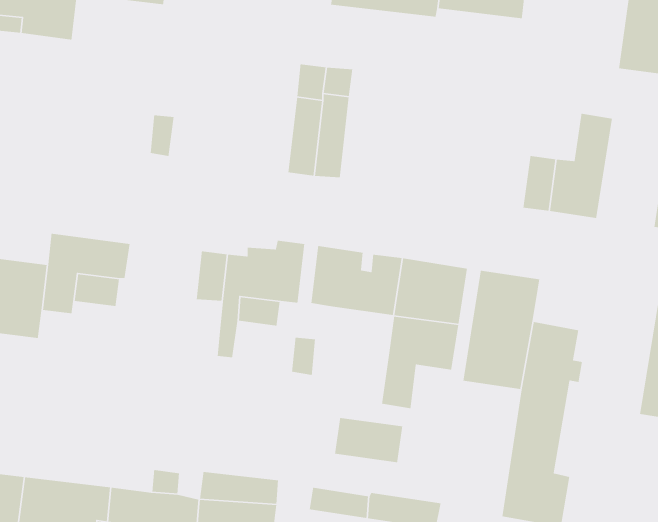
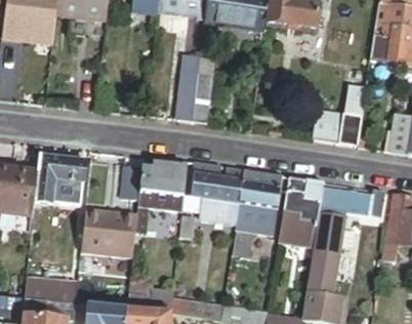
building: none -> [321,187,385,215]
building: none -> [82,208,138,254]
building: [334,417,403,463] -> [200,197,240,224]
building: none -> [26,274,79,301]

